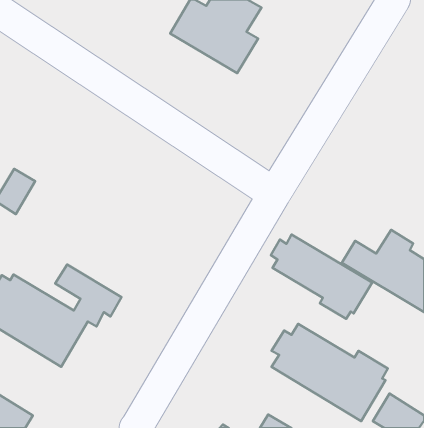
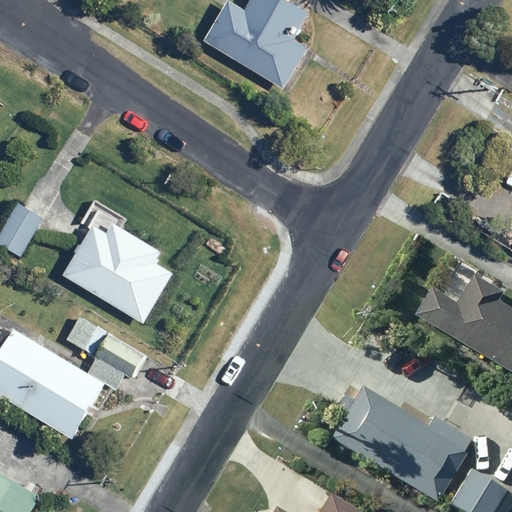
building: none -> [64,220,174,322]
building: [271,235,372,319] -> none

